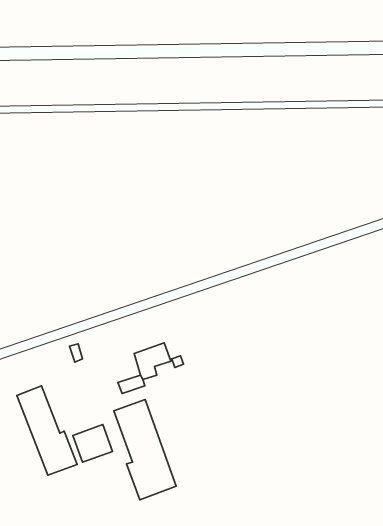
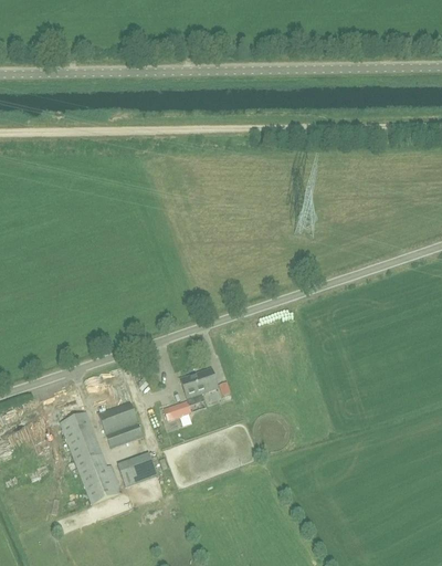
building: none -> [98,400,143,447]
building: [114,400,176,500] -> none

